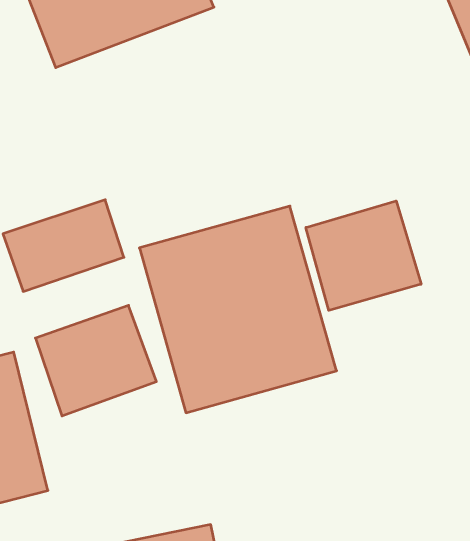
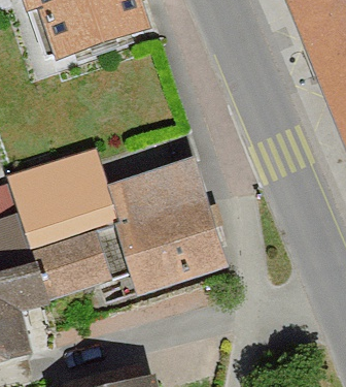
building: [306,201,421,310] -> none

